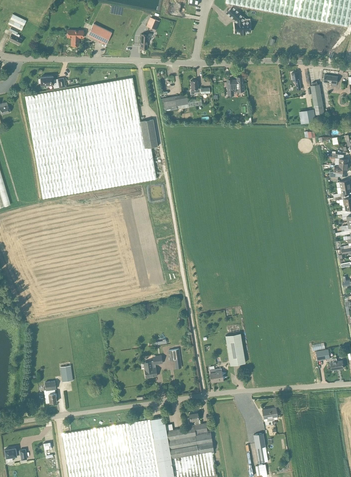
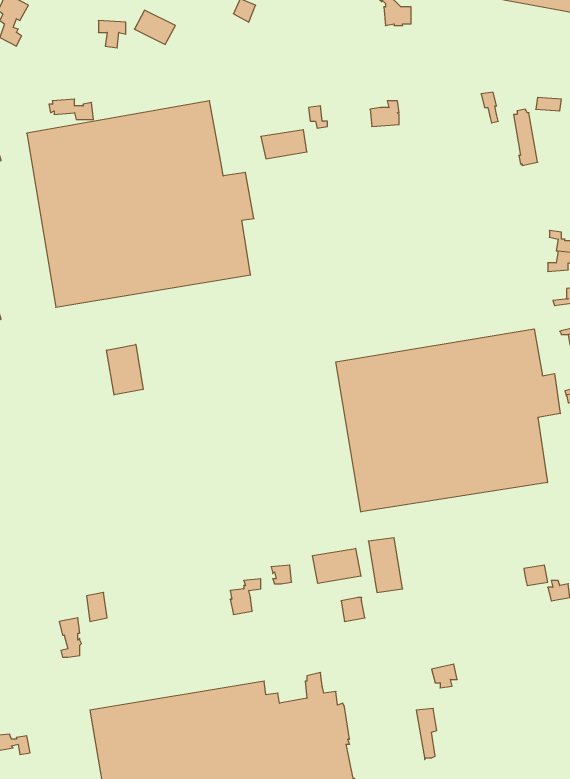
building: none -> [336,329,560,512]
building: none -> [107,344,143,395]
building: none -> [313,548,361,583]

